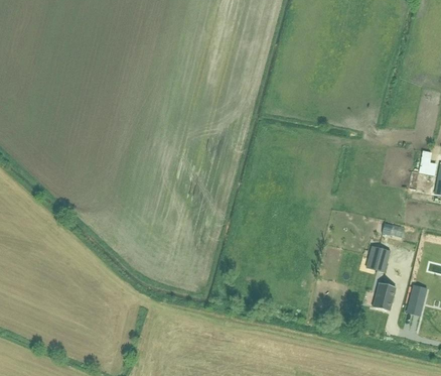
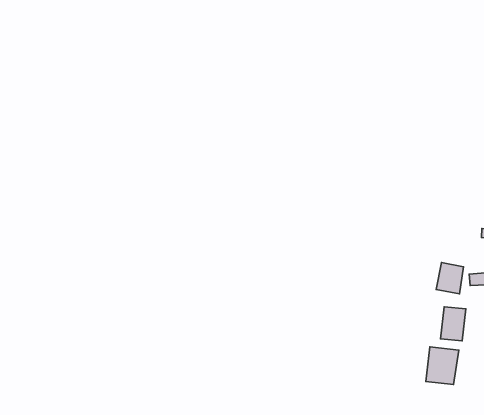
building: none -> [426,347,459,385]

